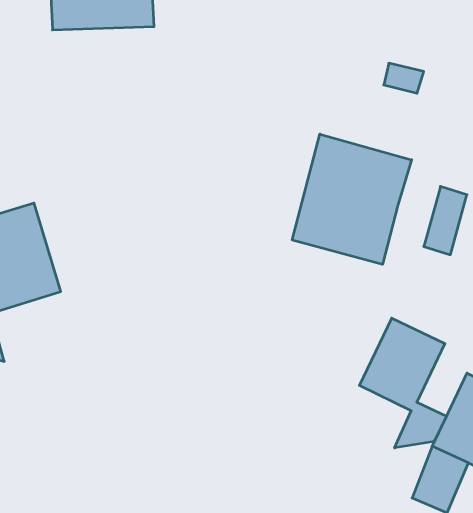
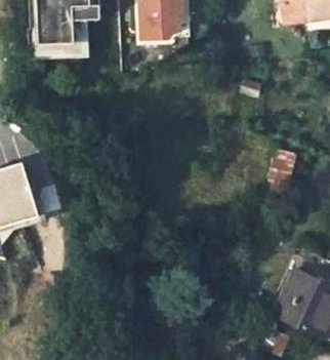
building: [292,134,412,264] -> none
building: [359,318,446,448] -> none

